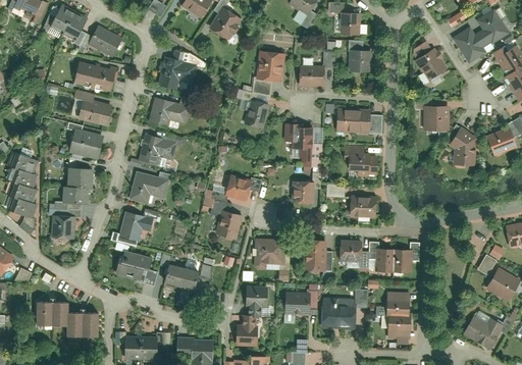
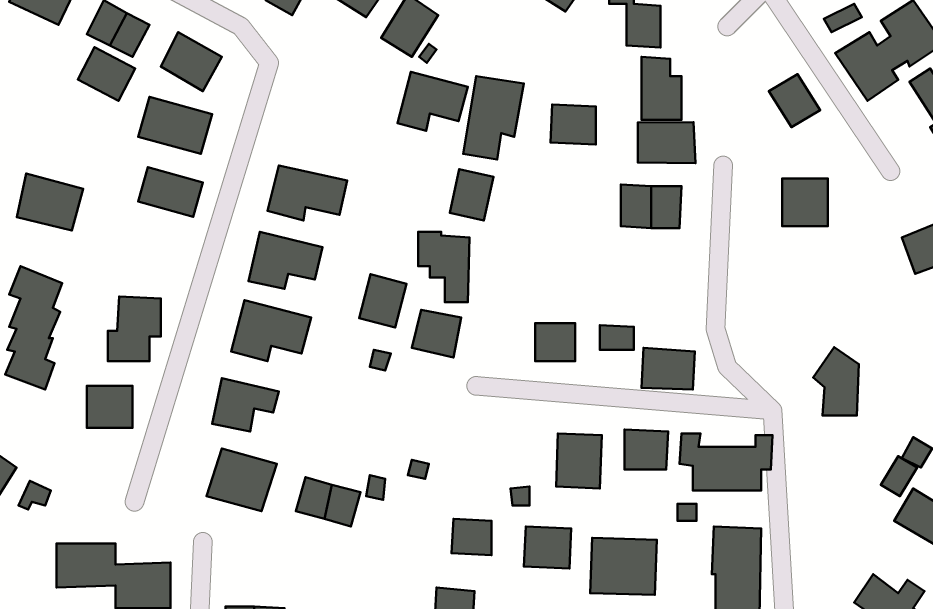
building: none -> [78,47,135,101]
building: [159,57,197,89] -> [398,72,468,131]
building: none -> [638,122,695,163]
building: [285,123,313,161] -> [418,232,470,302]
building: [68,128,104,159] -> [17,173,83,231]
building: [449,128,473,165] -> [813,347,859,416]
building: [349,147,378,175] -> none
building: [216,211,242,240] -> [359,274,407,328]
building: [255,240,284,270] -> none

